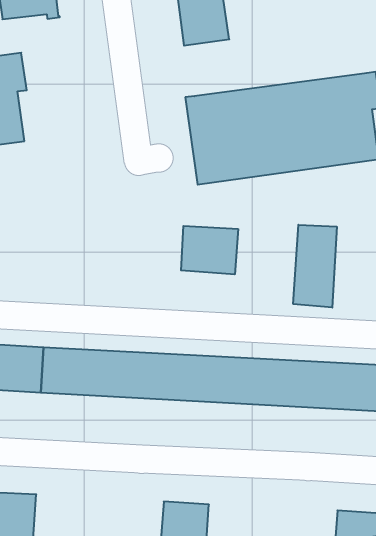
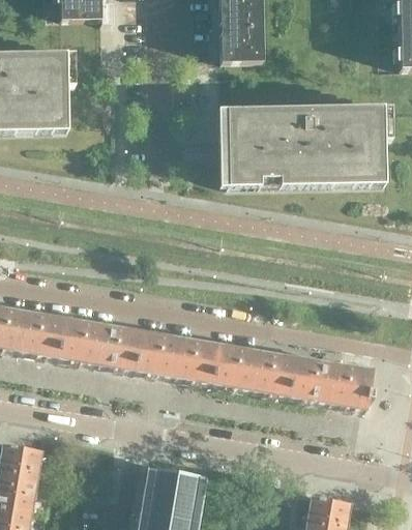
building: [293,225,337,308] -> none
building: [181,226,238,274] -> none

